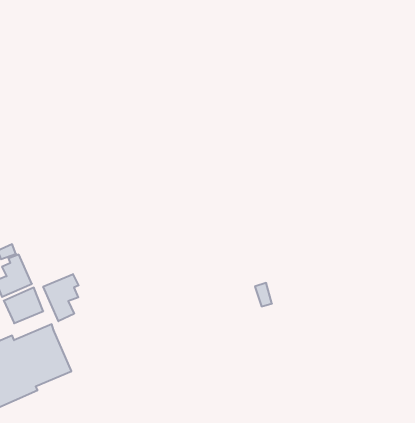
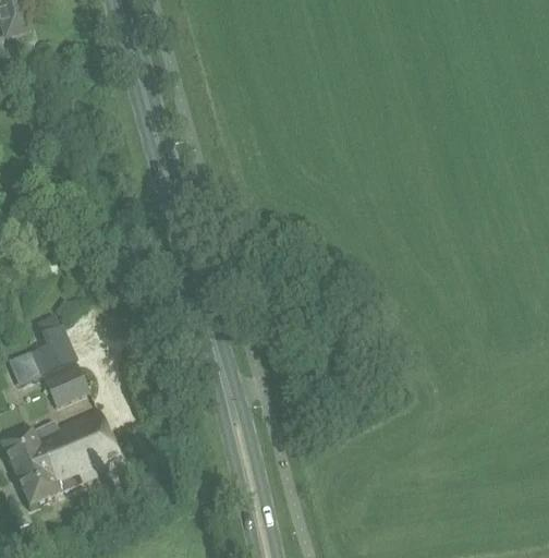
building: [43,274,79,321] -> none

